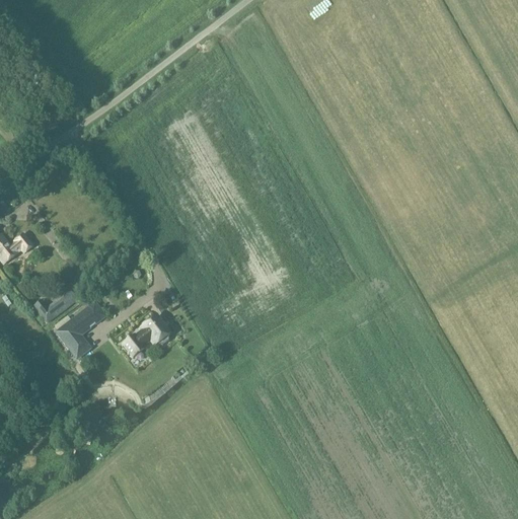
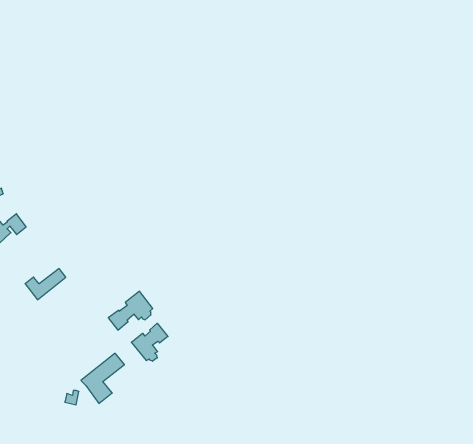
building: [57,303,103,357] -> [81,353,124,403]
building: none -> [131,323,168,361]

